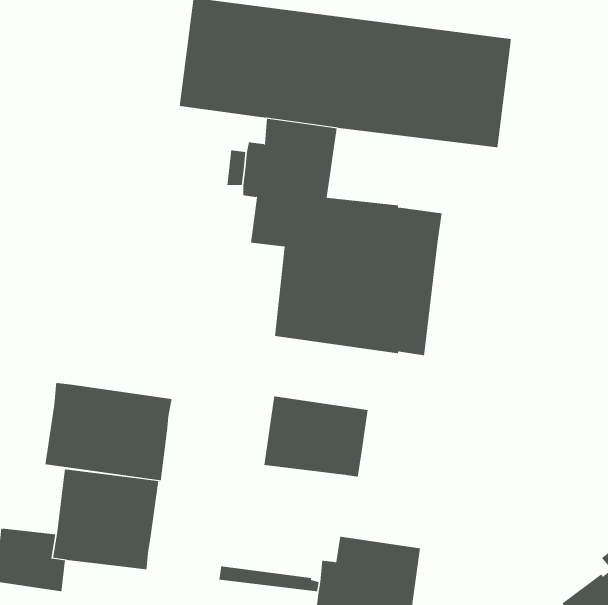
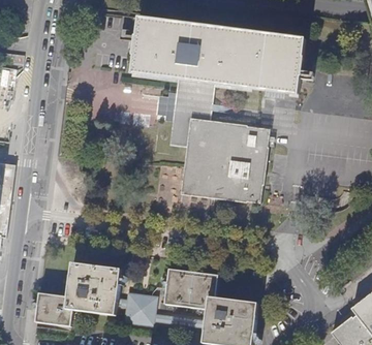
building: [45,382,172,481] -> none
building: [263,396,369,477] -> [163,268,218,310]
building: none -> [124,293,155,323]

